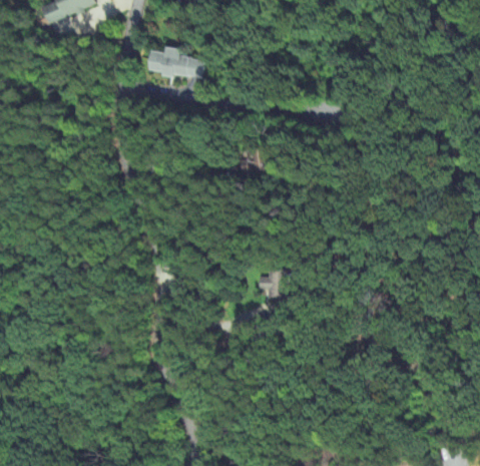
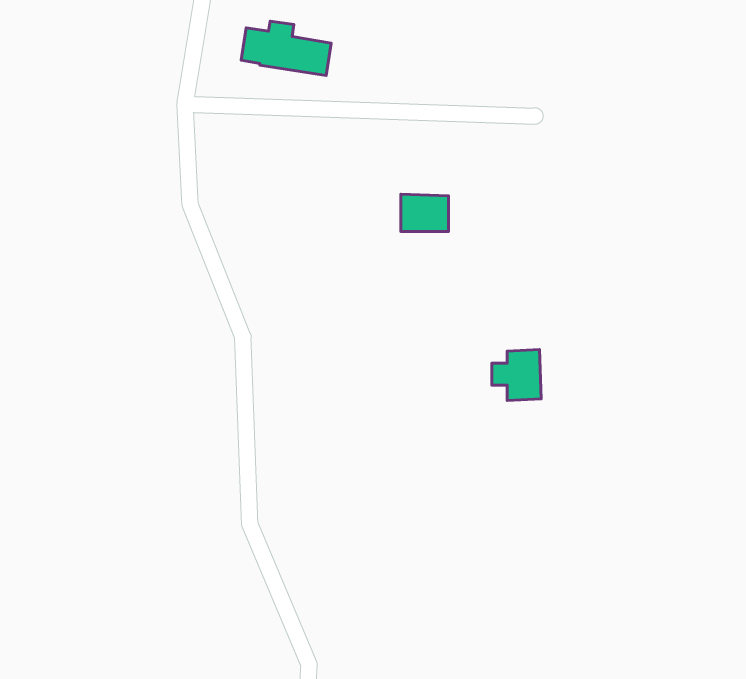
building: [256,269,285,299] -> [492,349,541,400]

